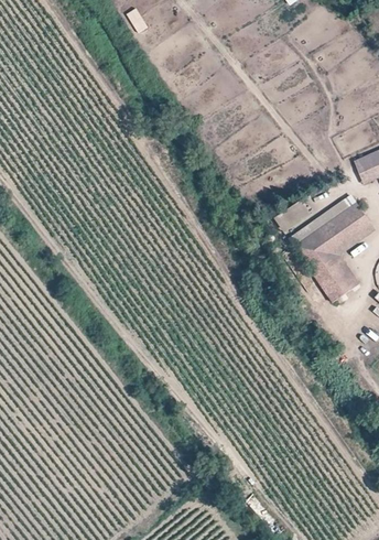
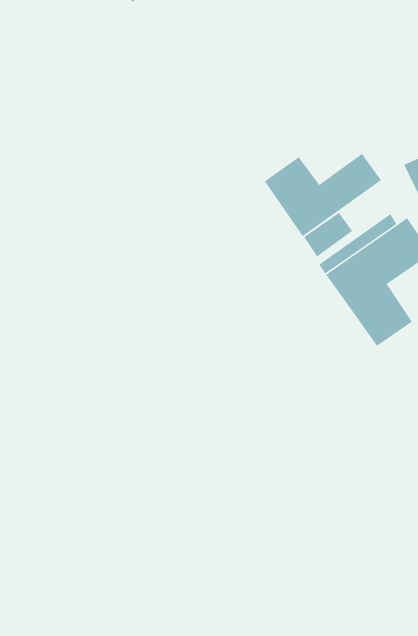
building: none -> [264,153,382,237]

